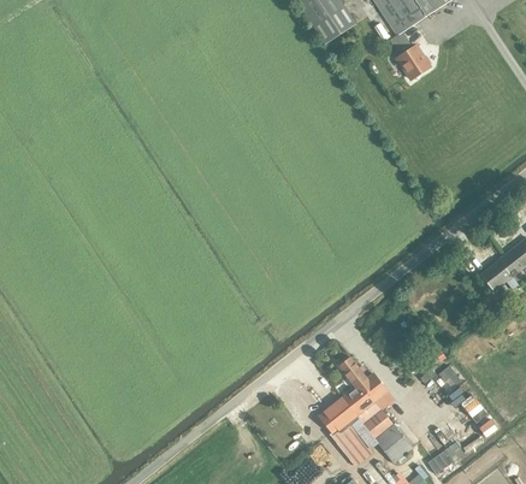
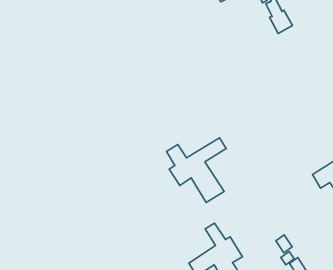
building: none -> [167,138,226,203]

